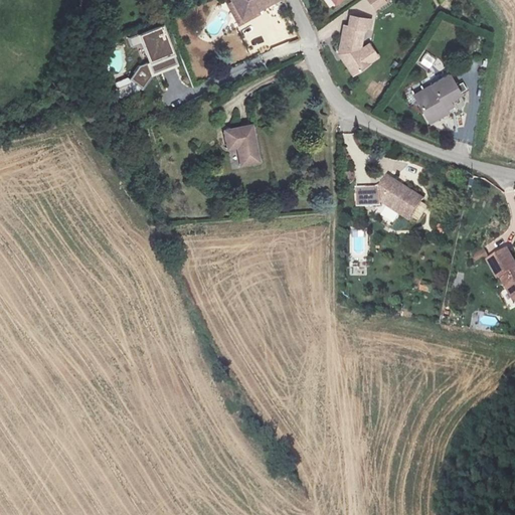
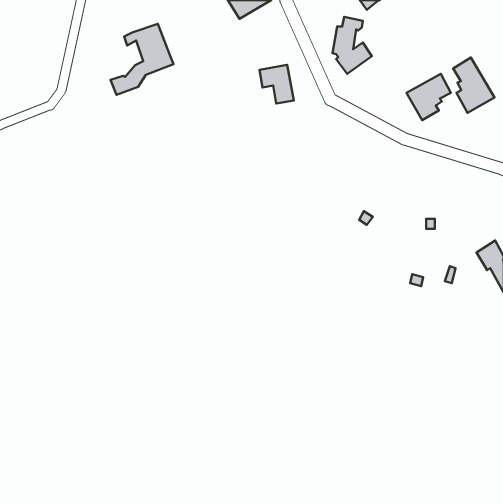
building: none -> [453,57,495,113]
building: [224,124,260,163] -> [259,65,294,103]
building: [356,175,421,219] -> none

